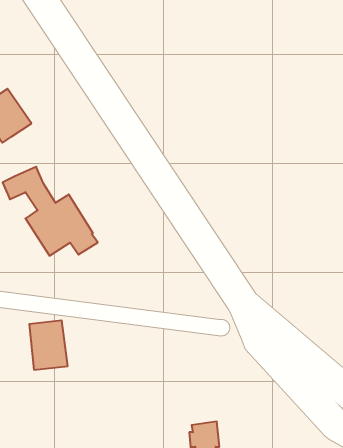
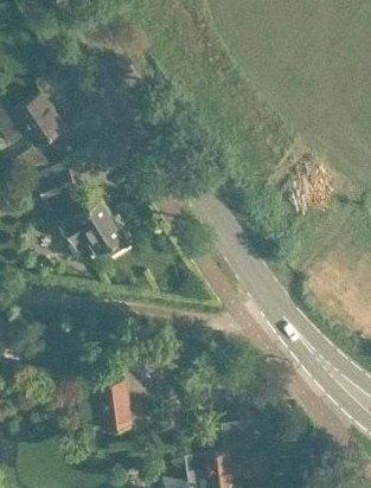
building: [29,320,68,370] -> [94,380,132,429]

